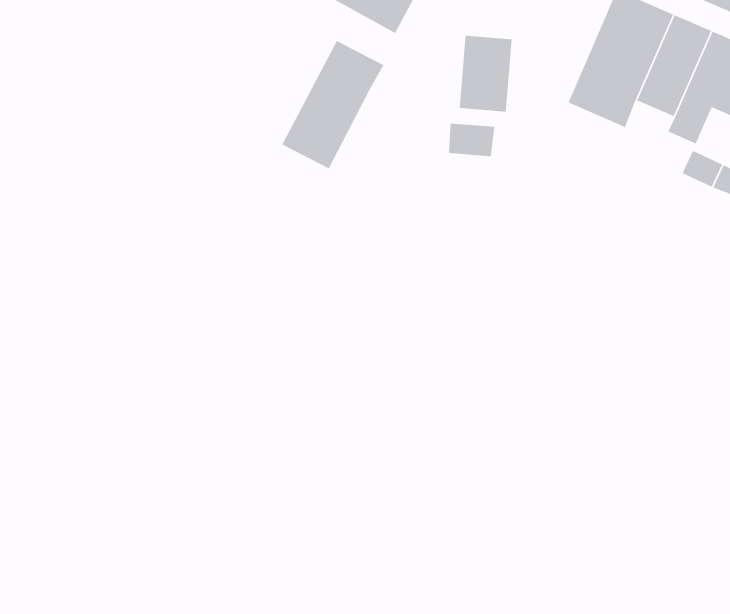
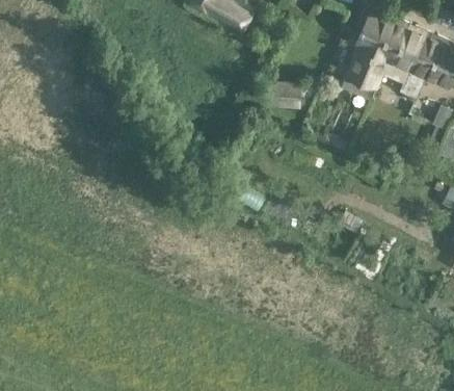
building: [459,35,512,113] -> none
building: [281,40,385,170] -> none

